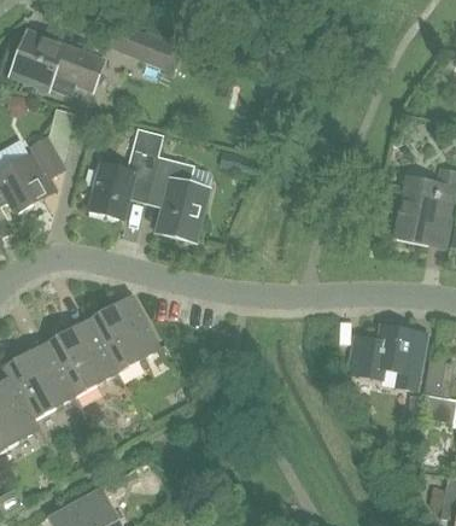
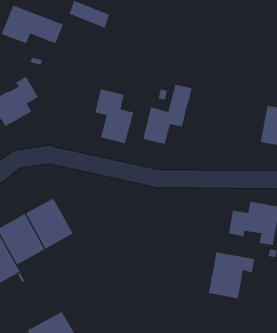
building: [88,129,163,220] -> [142,84,193,145]
building: [87,296,159,373] -> none
building: none -> [208,252,255,299]

